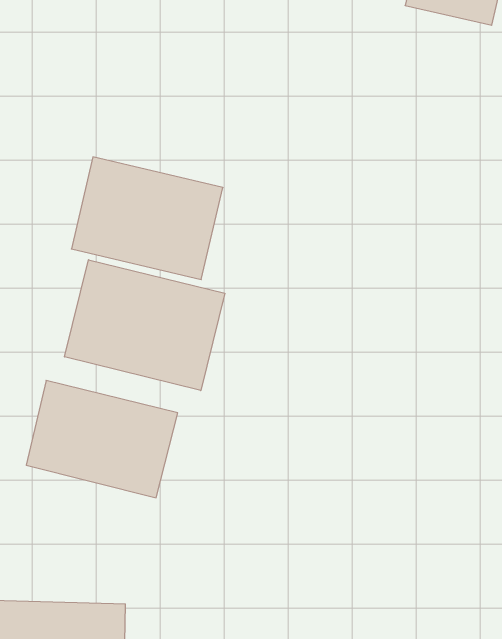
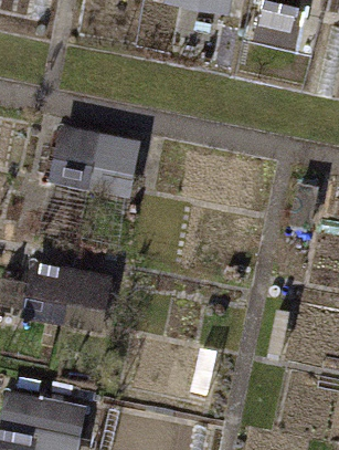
building: [65,260,225,391] -> none

